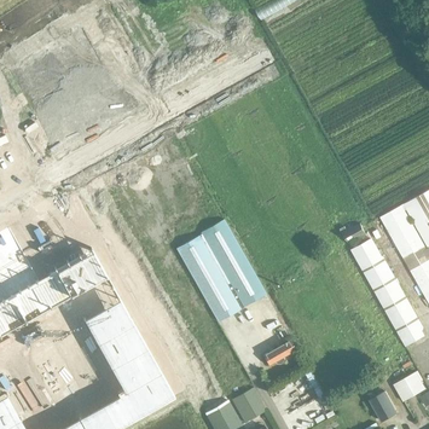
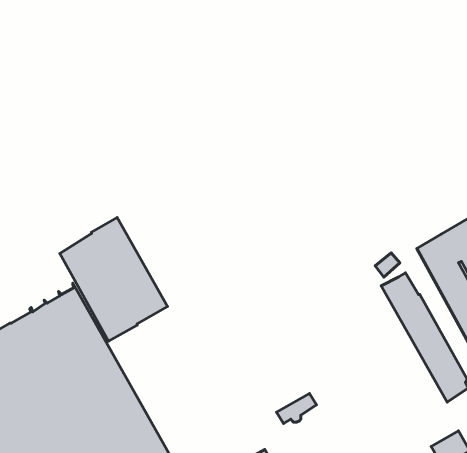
building: [176,219,267,323] -> [60,218,167,341]

